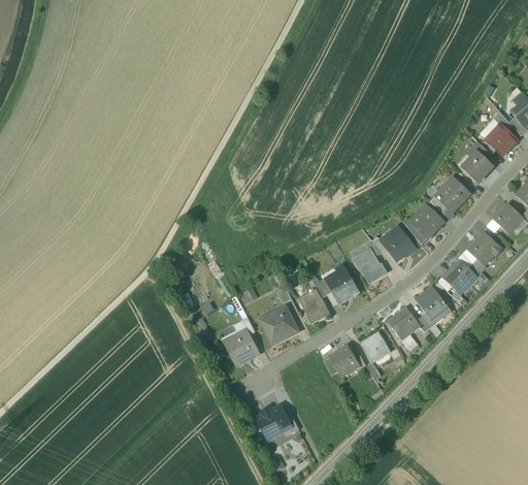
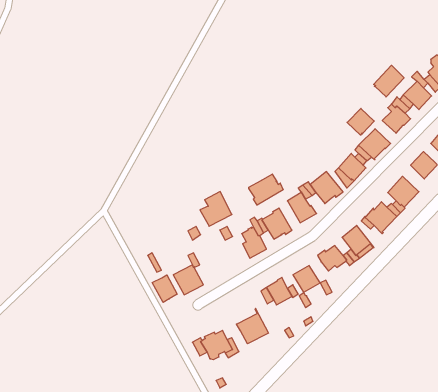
building: none -> [374,65,404,97]
building: none -> [347,108,374,135]
building: none -> [249,174,283,205]
building: [263,304,299,344] -> [200,192,232,226]
building: none -> [152,275,177,302]
building: none -> [236,308,268,344]

